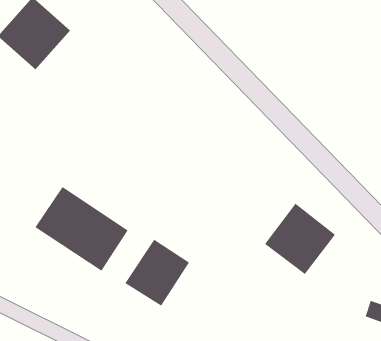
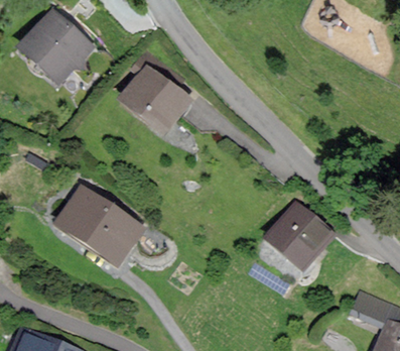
building: none -> [122,71,189,136]
building: [125,239,190,306] -> none

